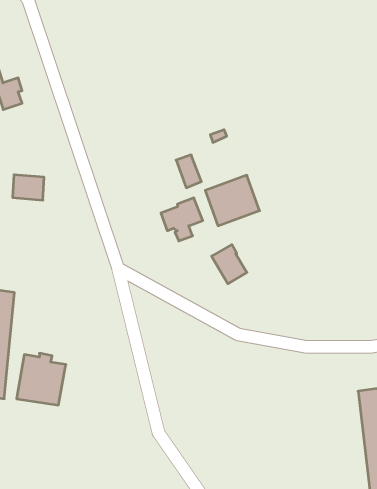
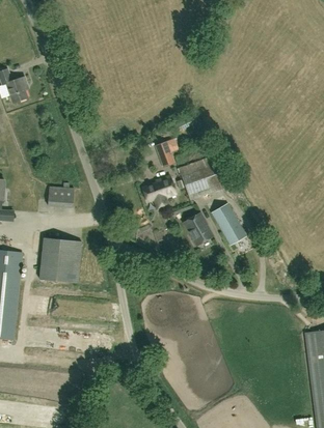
building: [13,175,44,200] -> [48,187,74,207]
building: none -> [211,202,246,245]
building: [17,353,66,405] -> [39,236,80,279]

